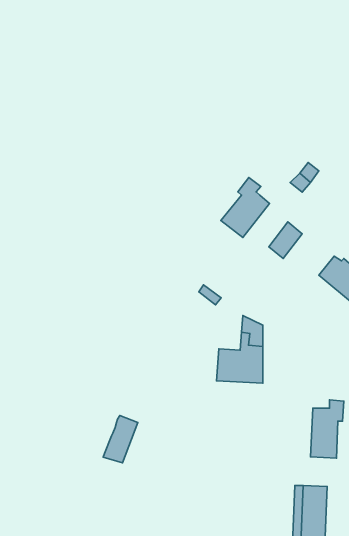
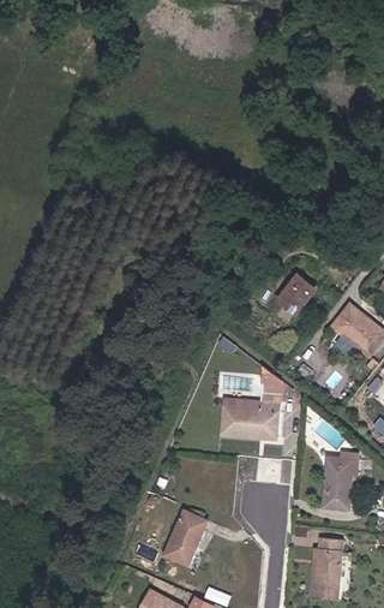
building: [221,178,270,237] -> none
building: [103,415,138,463] -> [167,512,202,560]

